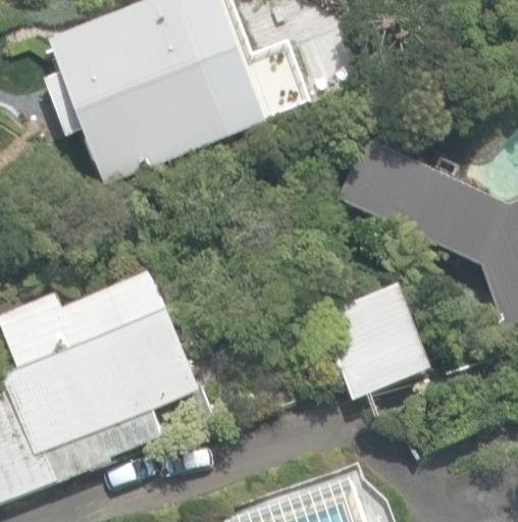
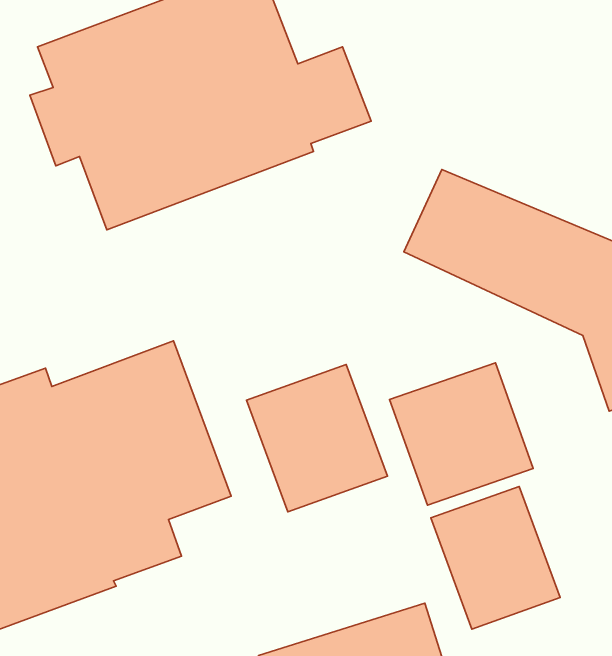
building: none -> [247,365,387,512]
building: none -> [431,486,560,629]

